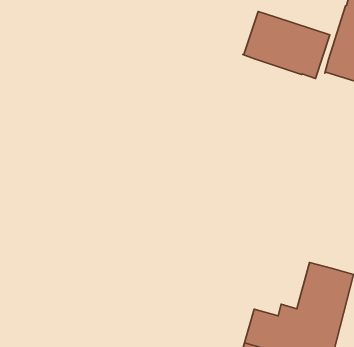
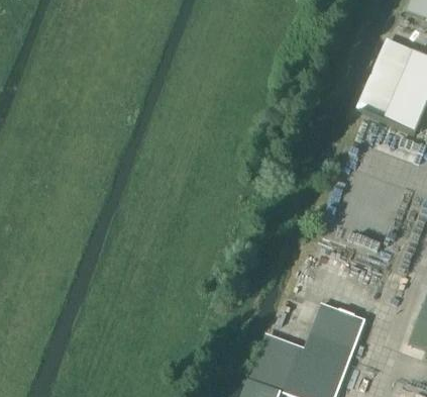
building: [243,12,330,79] -> none

